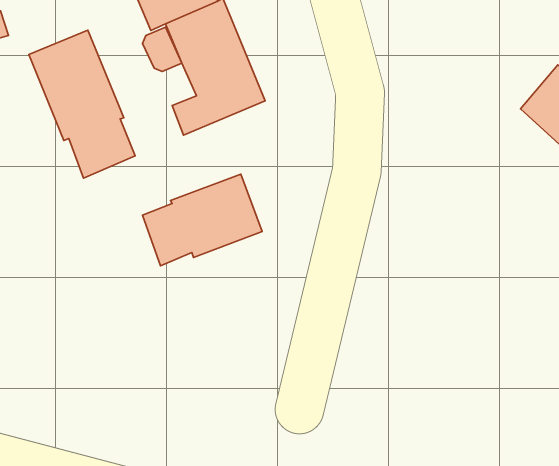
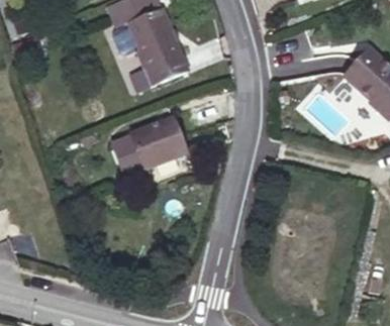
building: [29,30,135,178] -> none

